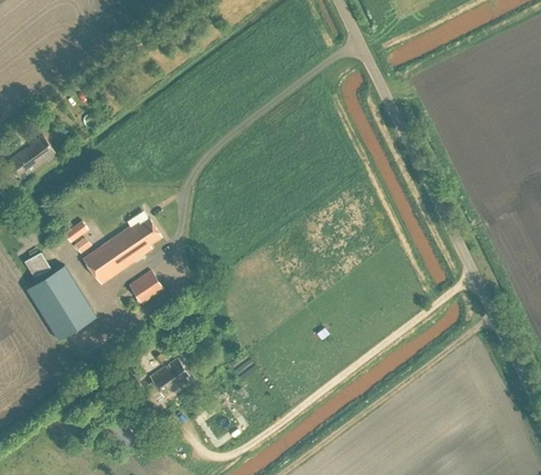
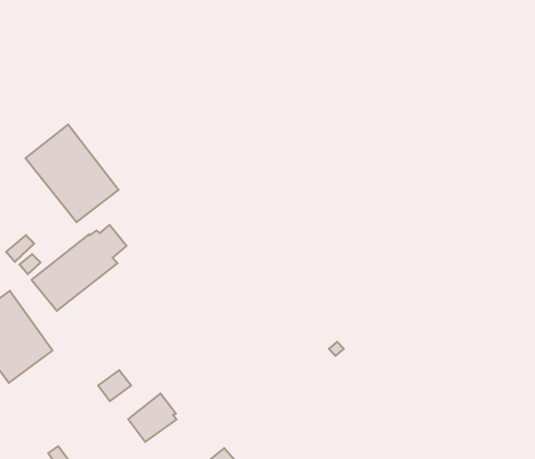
building: none -> [26,124,119,222]
building: [128,271,162,303] -> none

